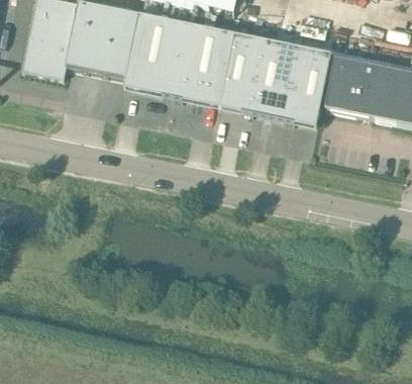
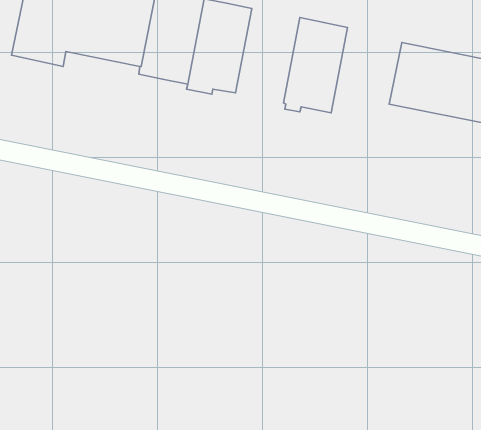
building: [202,30,253,106] -> none
building: [279,45,332,122] -> none

